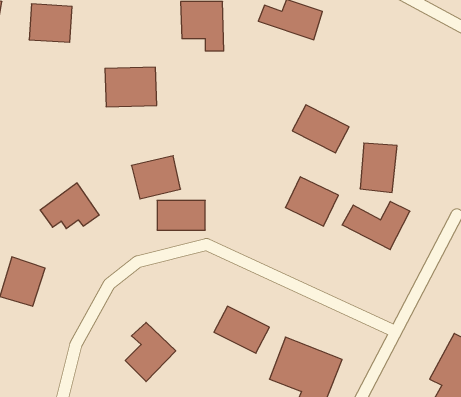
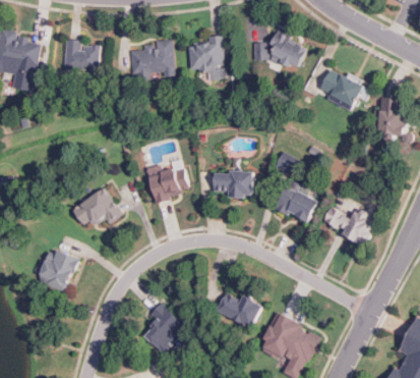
building: [105,67,157,107] -> [130,44,173,76]
building: [292,105,349,153] -> [319,69,366,109]
building: [360,143,397,192] -> [376,97,407,138]
building: [157,200,205,230] -> [213,171,252,196]

